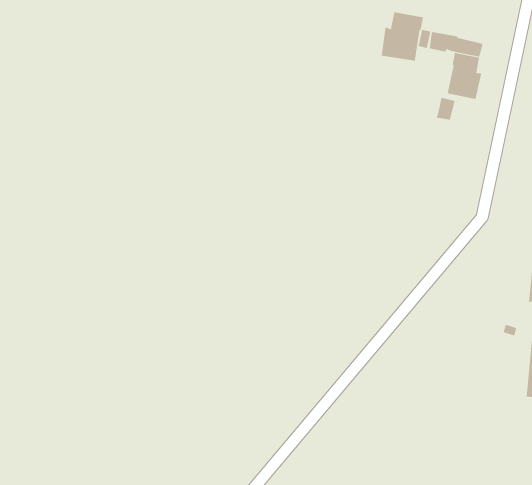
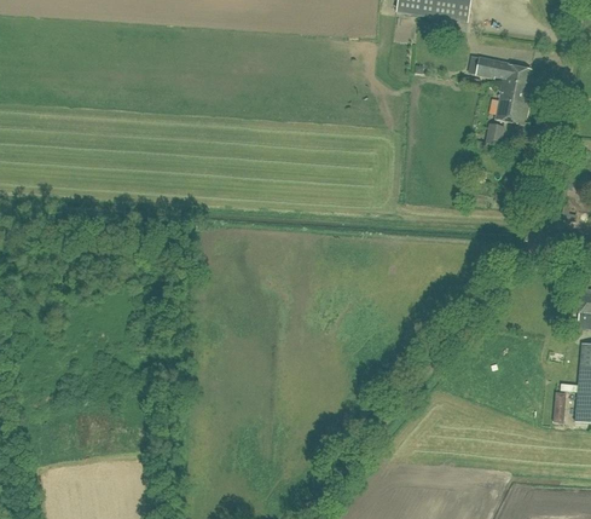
building: [381,12,424,61] -> none

